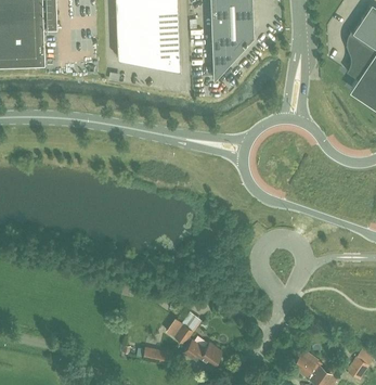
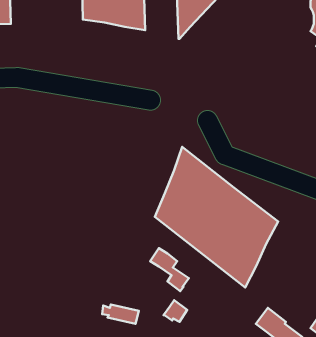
building: none -> [155,147,278,287]
building: [166,320,205,363] -> [150,248,189,291]

